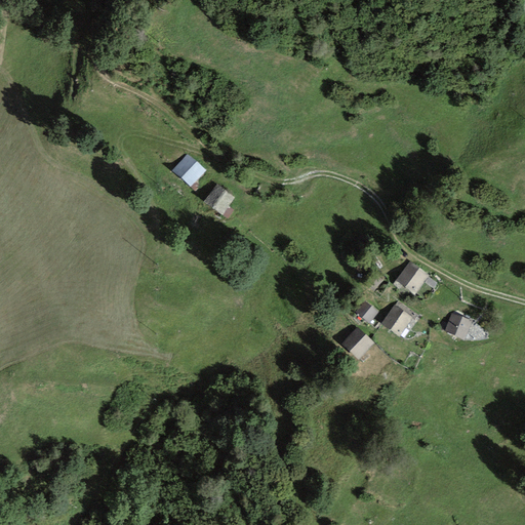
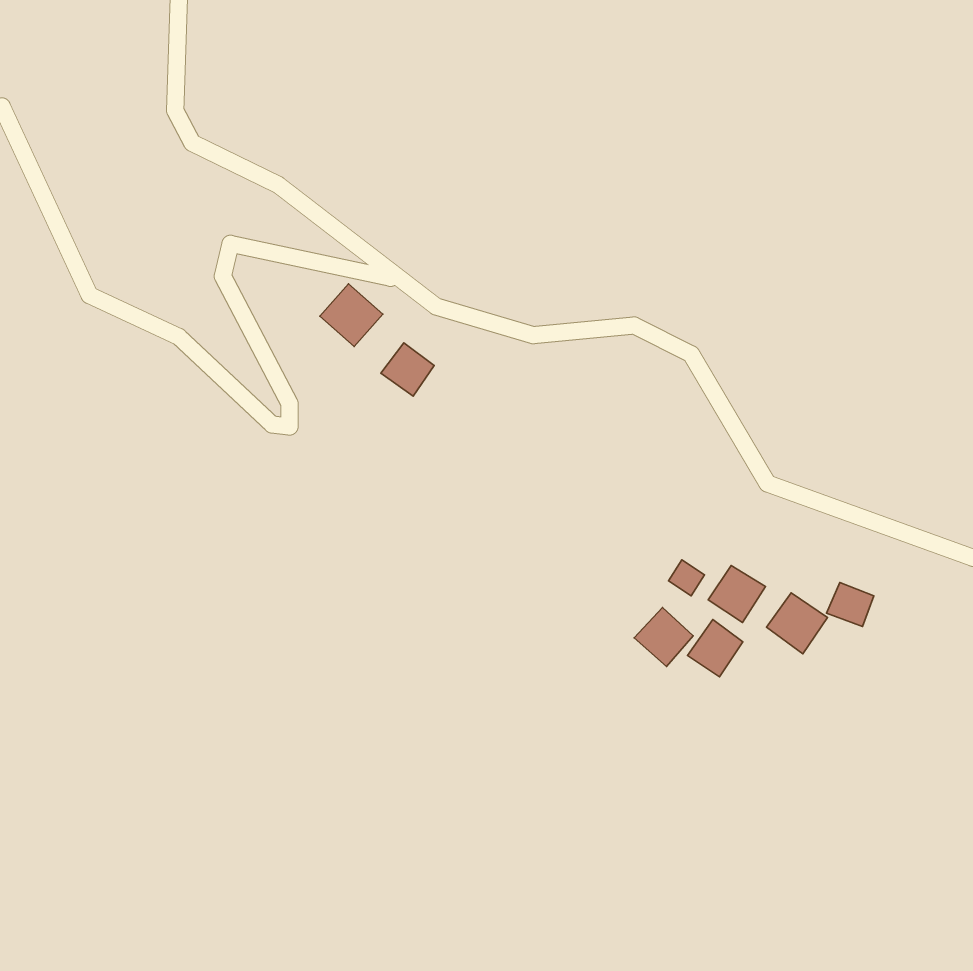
building: [395,261,428,294] -> [767,593,827,654]
building: none -> [687,620,743,677]

